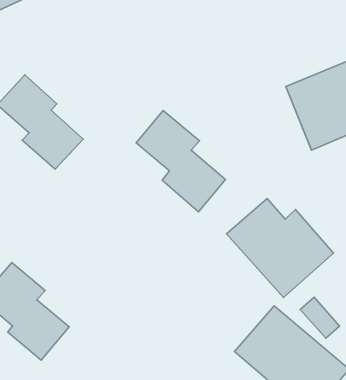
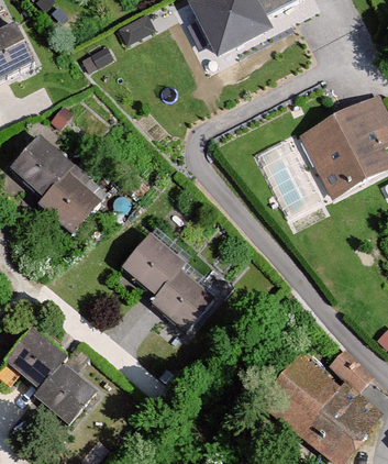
building: [136,110,226,212] -> [121,232,213,332]
building: [226,199,333,298] -> none

